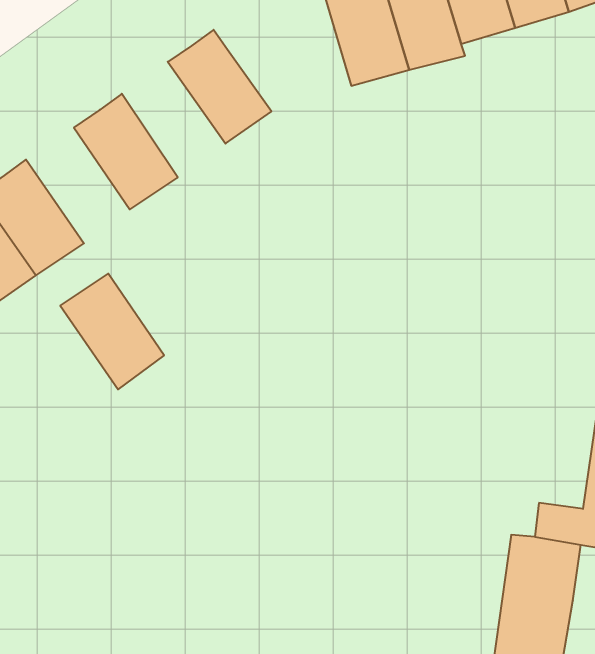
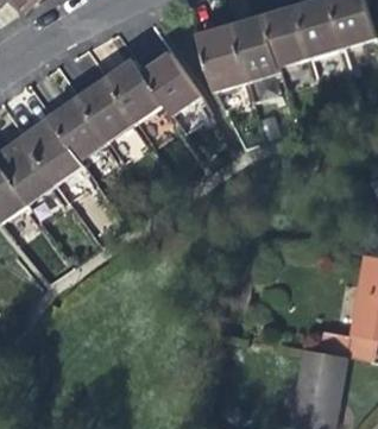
building: none -> [139,50,197,113]
building: none -> [76,75,138,144]
building: [60,274,164,389] -> [19,114,81,183]

